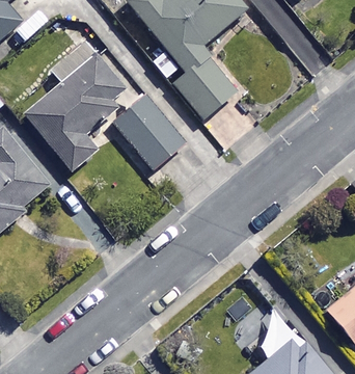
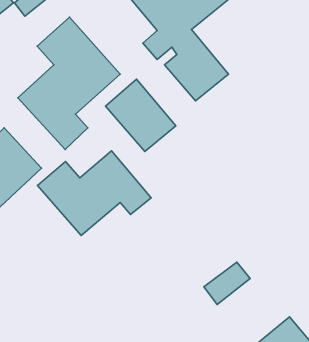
building: none -> [38,151,151,236]

